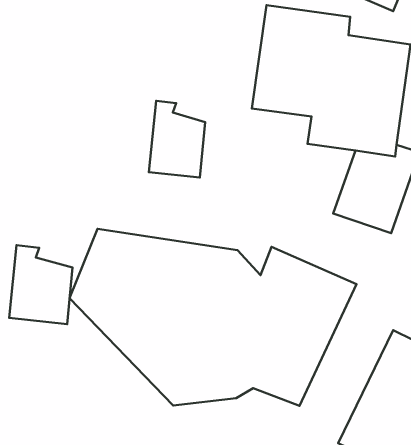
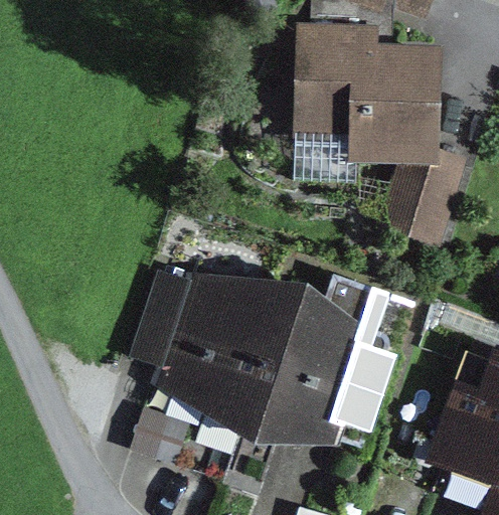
building: [149,101,205,178] -> none
building: [9,245,73,324] -> none

